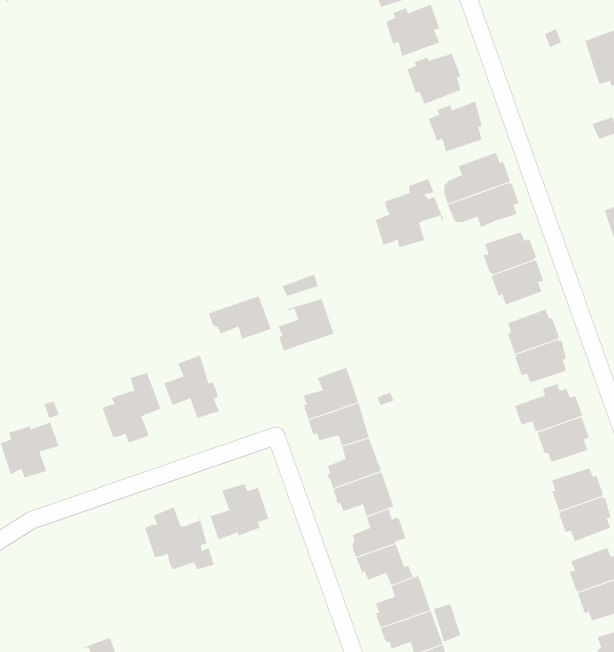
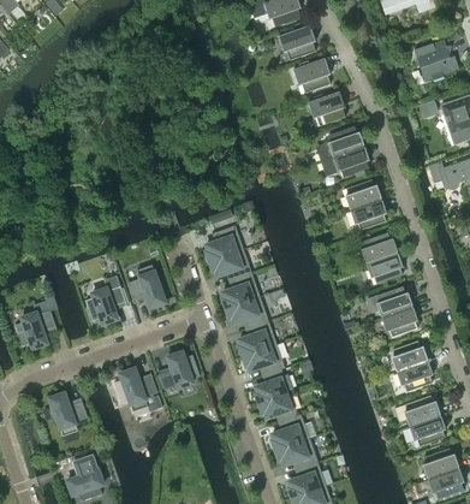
building: [375,178,444,248] -> none
building: [208,295,271,340] -> [208,249,251,279]
building: none -> [48,392,87,435]

